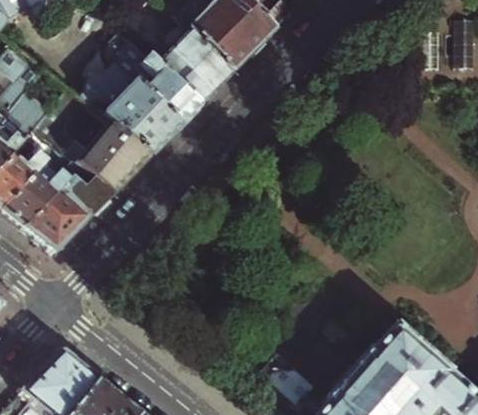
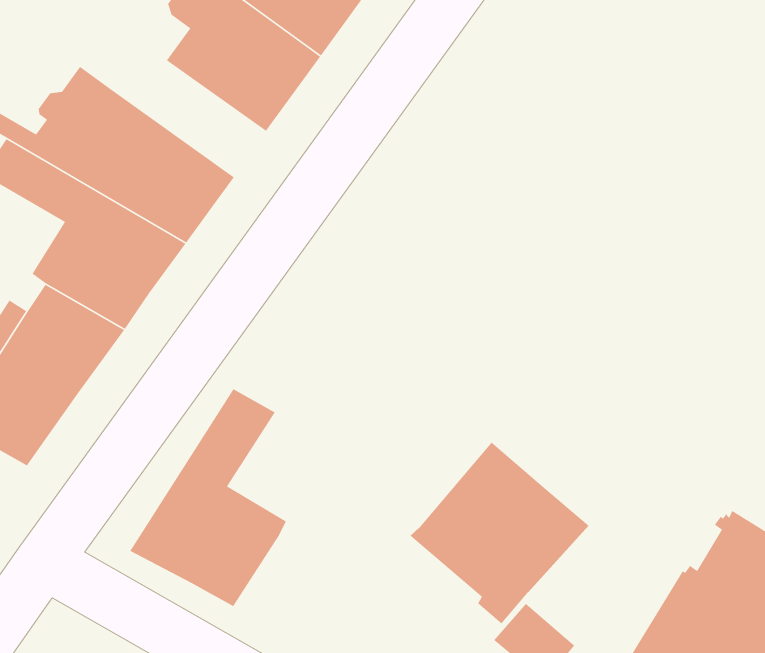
building: [121,38,199,125] -> none
building: none -> [129,388,287,607]
building: none -> [410,442,589,625]

